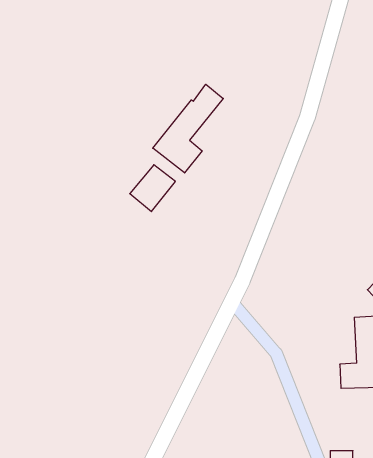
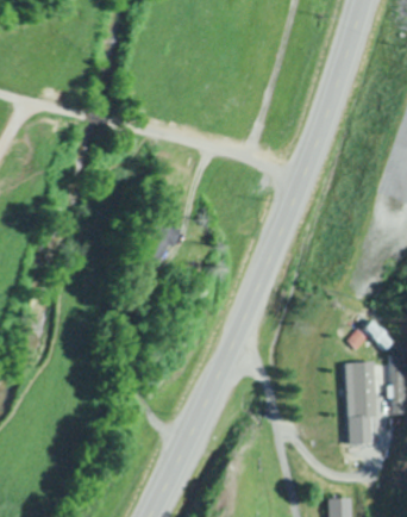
building: [153,84,223,173] -> none

